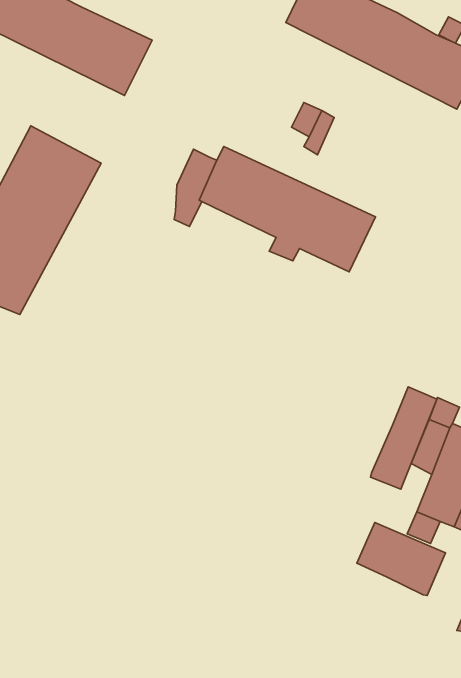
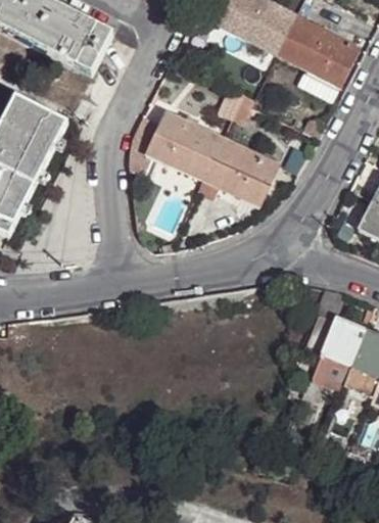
building: [371,387,437,489] -> none
building: [357,523,445,596] -> none

